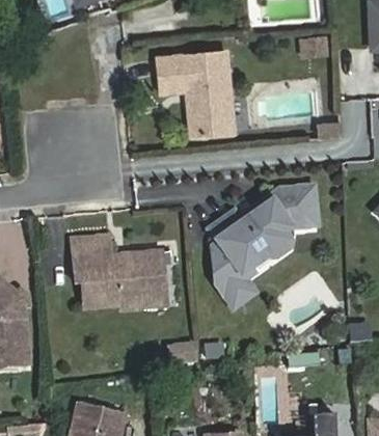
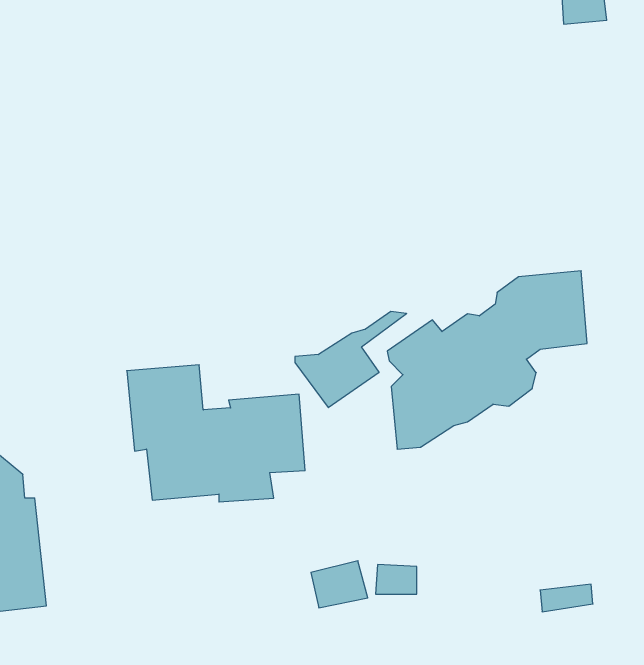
building: [159,51,234,136] -> none
building: [215,256,274,307] -> [295,312,407,408]

